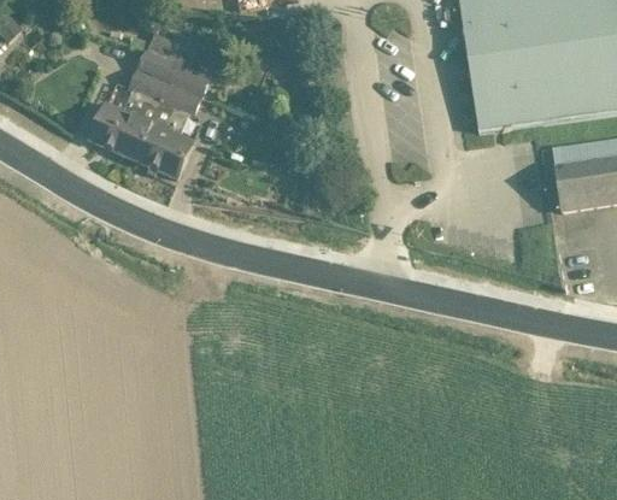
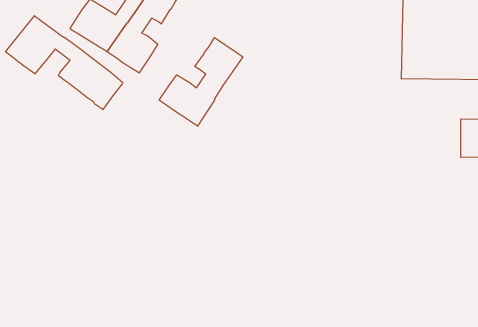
building: none -> [159,38,243,126]
building: none -> [6,16,123,110]

